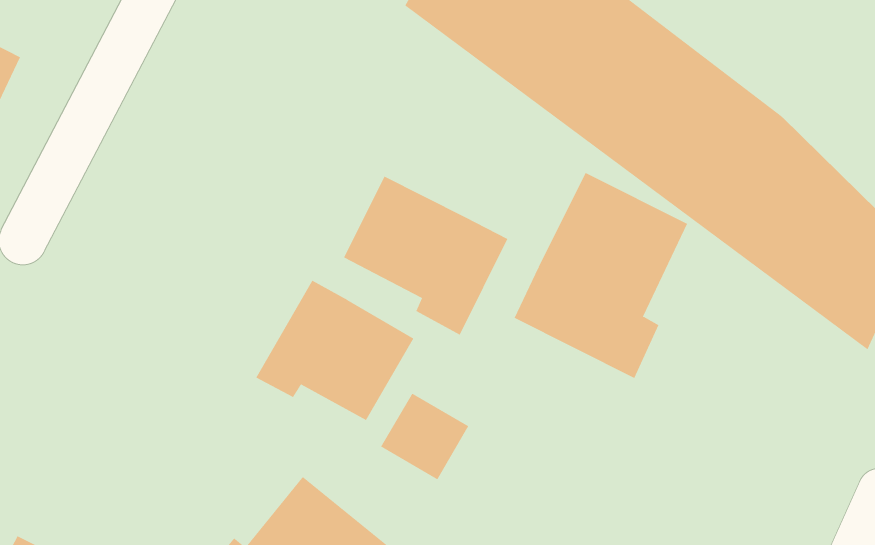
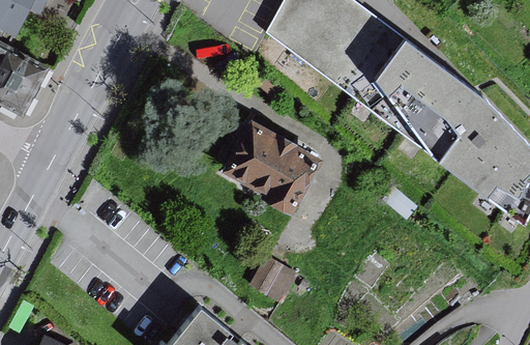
building: [514,172,688,379] -> none
building: [255,280,414,421] -> none

